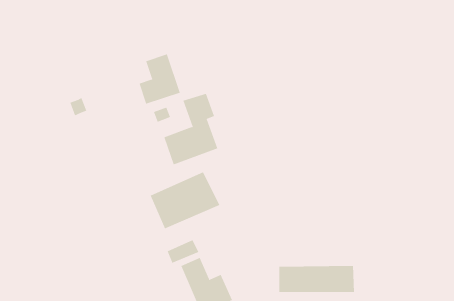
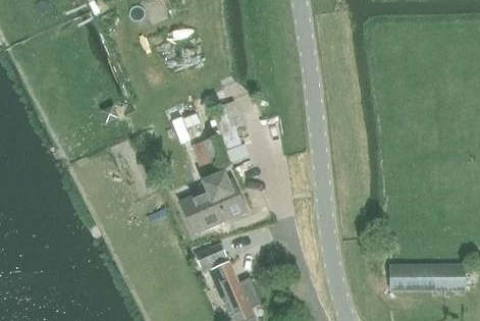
building: [139,53,181,105] -> none
building: [279,265,355,293] -> [391,263,466,289]

